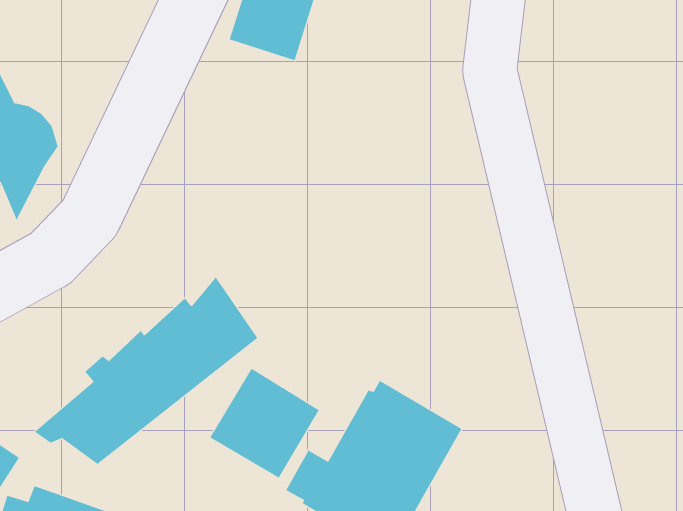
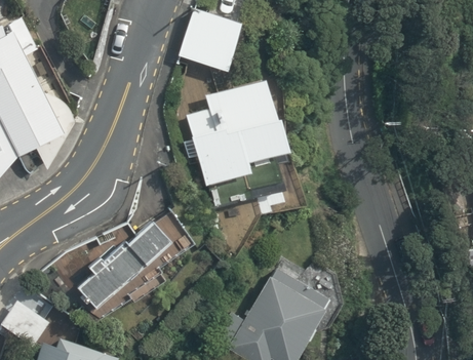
building: none -> [191,95,284,210]
building: [210,368,319,479] -> none

